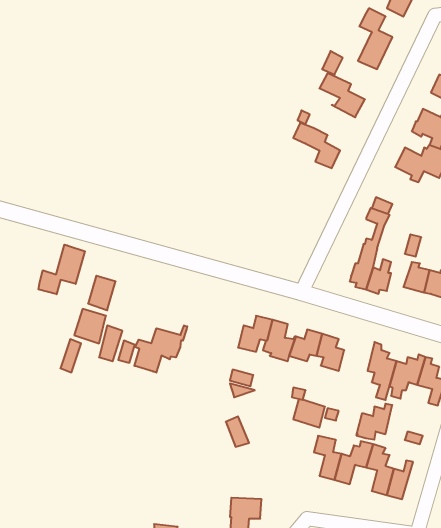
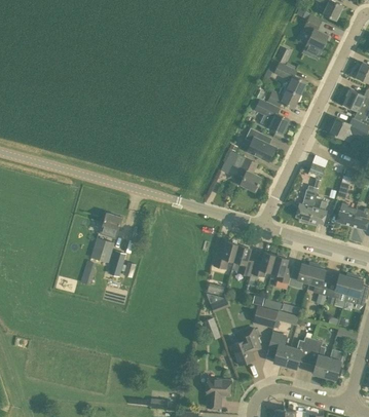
building: none -> [267,85,300,108]
building: none -> [246,127,275,161]
building: none -> [225,150,261,190]
building: [38,245,85,294] -> none
building: [134,325,187,373] -> none
building: [356,404,392,440] -> [288,261,315,288]
building: none -> [232,328,257,364]

